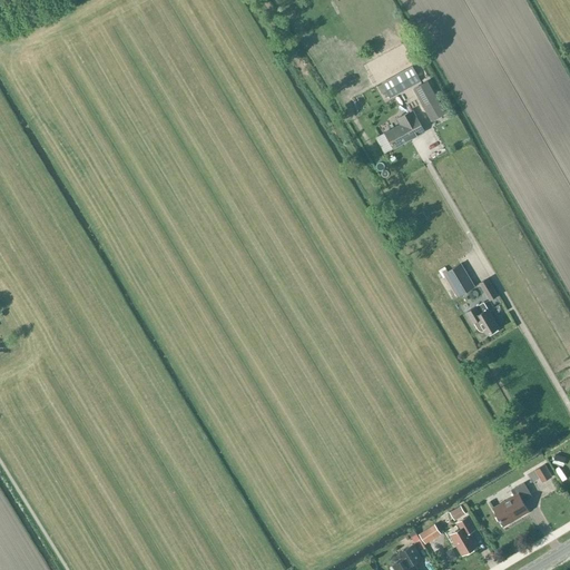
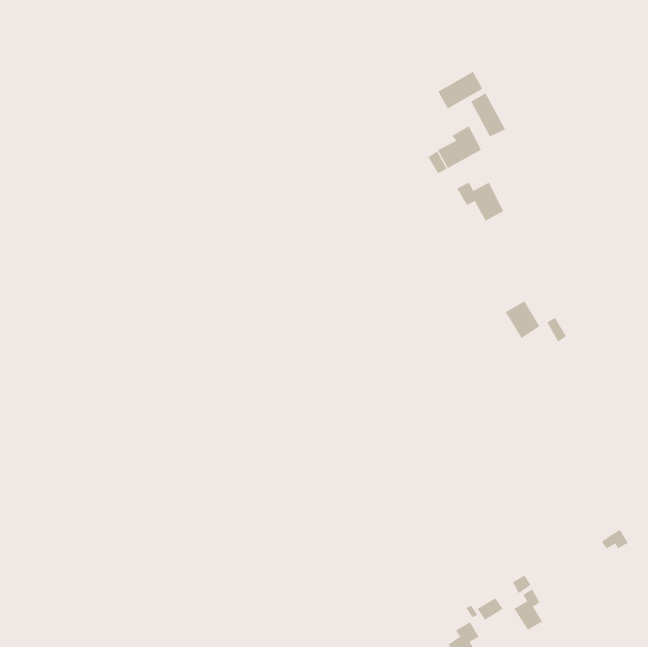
building: none -> [456,182,504,222]
building: [466,303,499,335] -> none
building: [493,484,532,527] -> none

